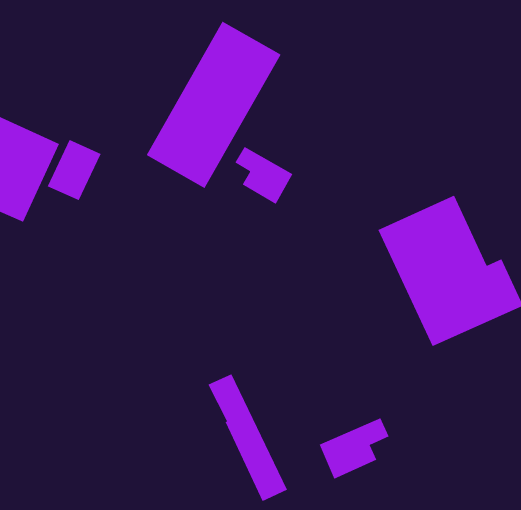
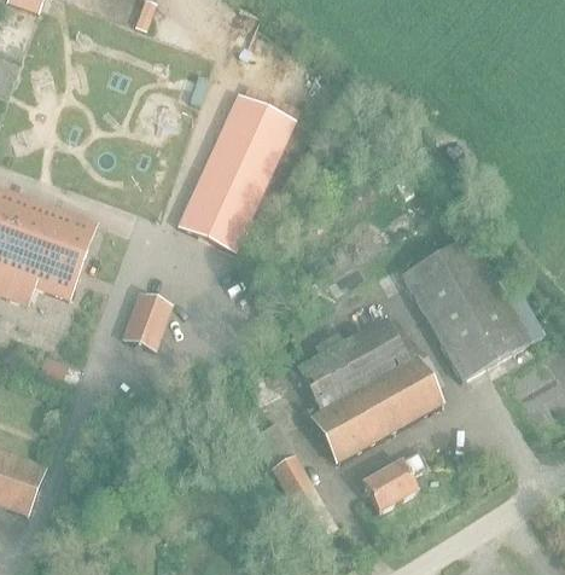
building: [47,139,102,201] -> [123,292,171,349]
building: [235,146,293,205] -> none
building: none -> [297,316,441,463]

